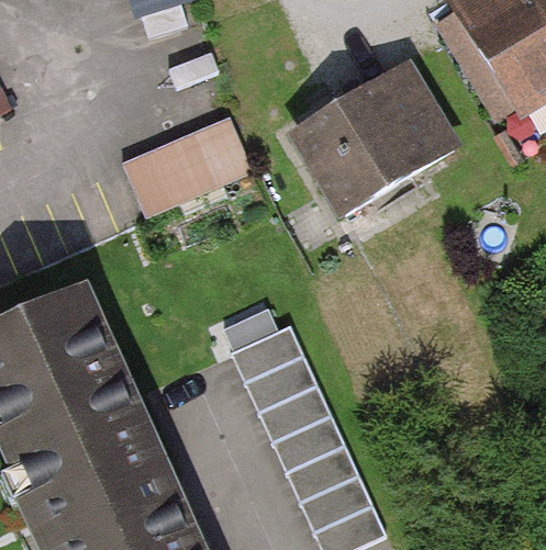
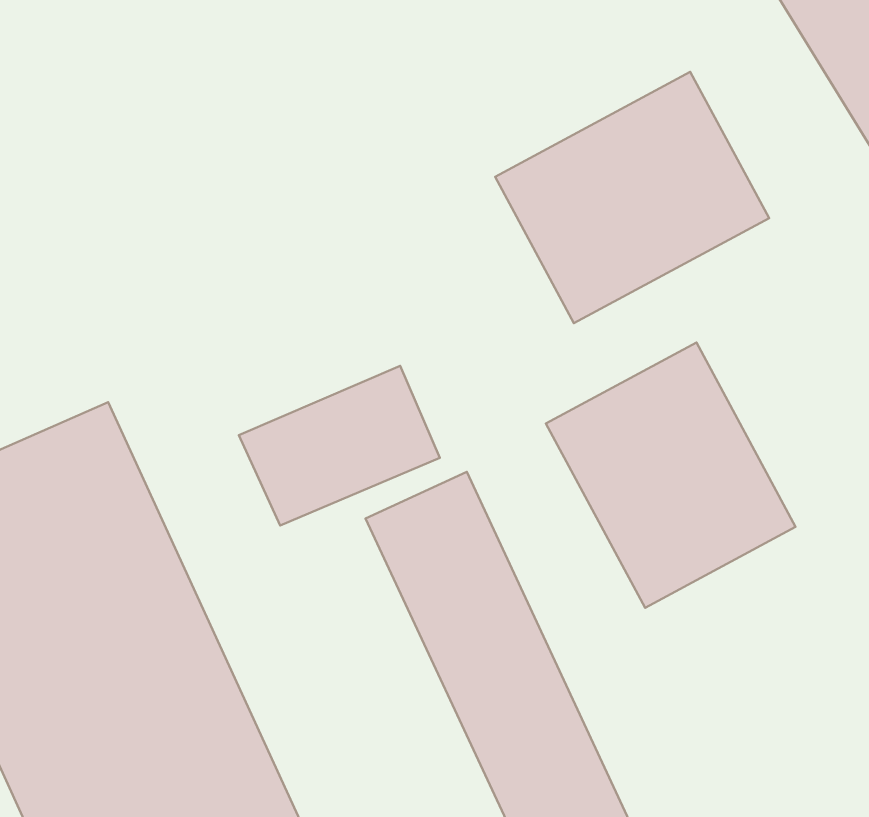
building: [133,121,250,214] -> [239,366,440,525]
building: none -> [546,342,796,608]

